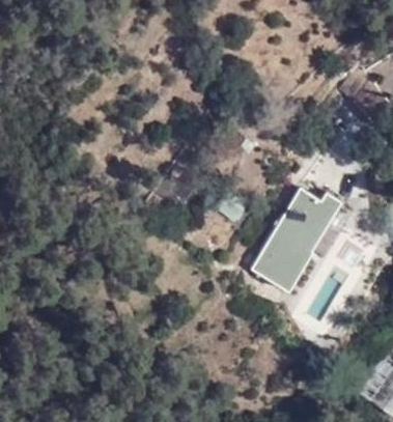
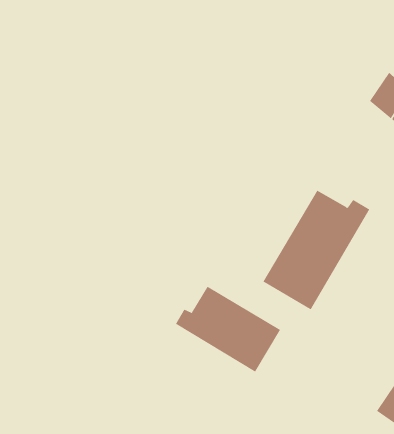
building: none -> [175,286,281,373]

